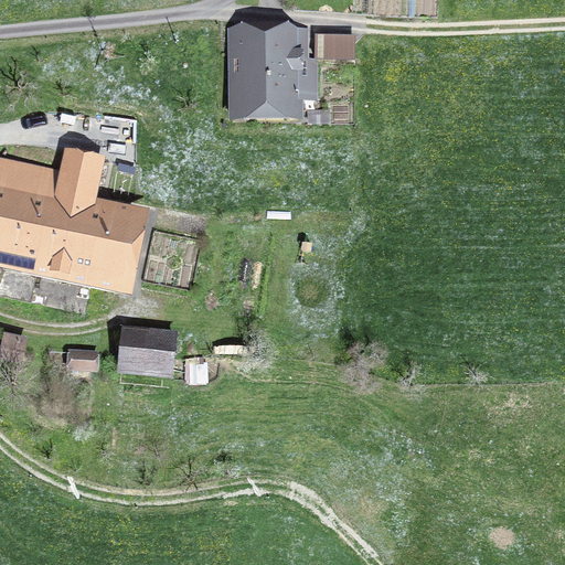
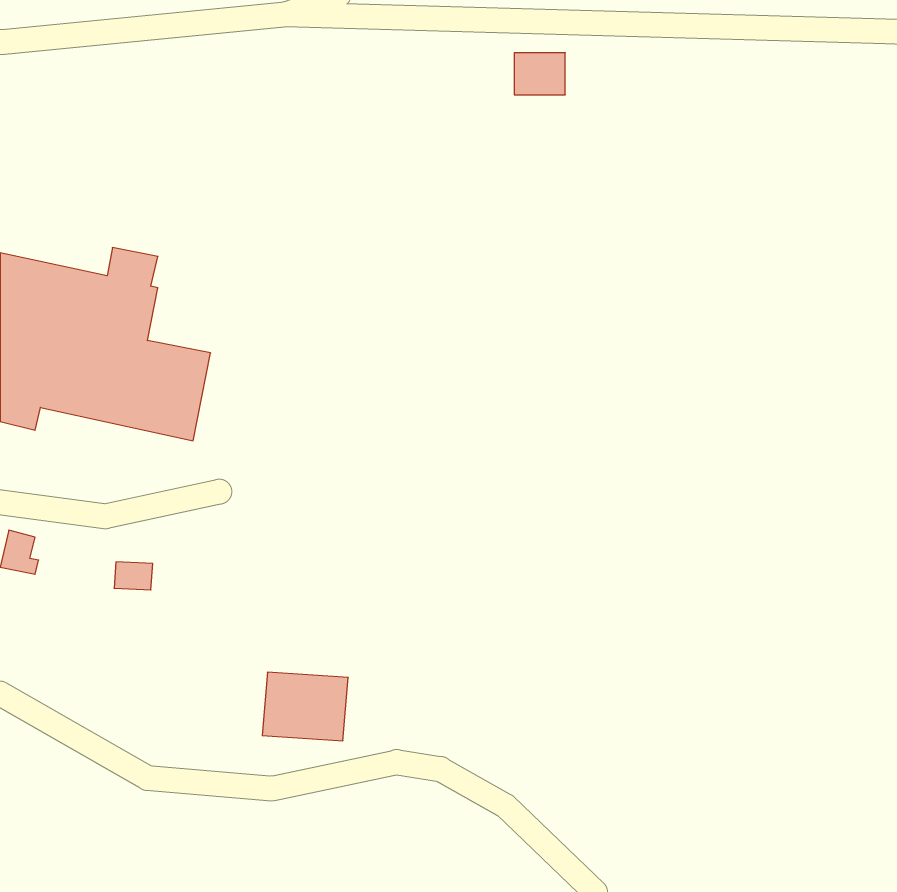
building: [231,26,299,109] -> none
building: [122,329,177,372] -> [262,672,348,741]

